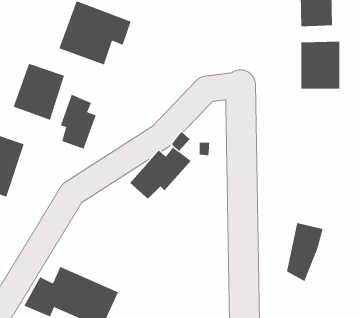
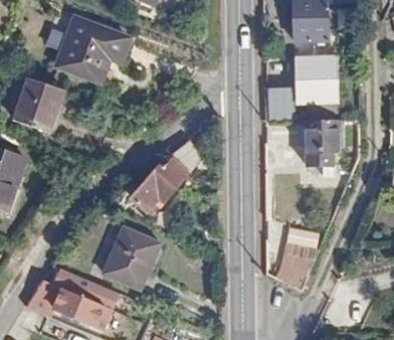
building: none -> [265,91,292,120]
building: [60,94,96,150] -> none
building: none -> [305,120,336,167]
building: none -> [103,229,160,293]

